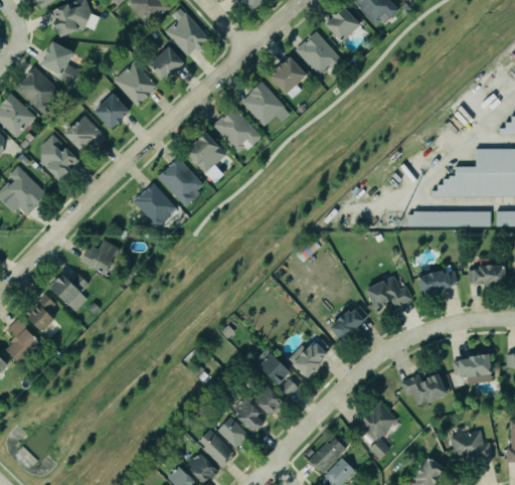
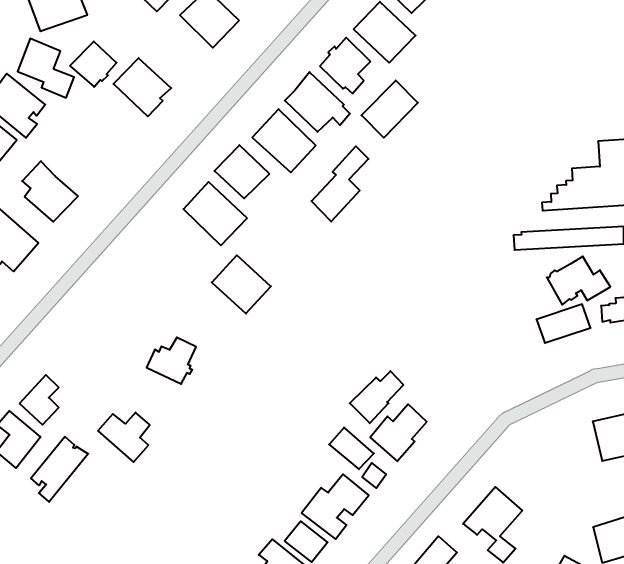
building: [148,46,184,79] -> none
building: none -> [361,80,418,138]
building: [94,94,129,128] -> [70,41,117,87]
building: [65,116,107,151] -> none
building: none -> [311,146,369,222]
building: [134,183,178,227] -> [212,255,271,314]
building: [79,239,118,275] -> [147,337,196,384]
building: [49,274,89,311] -> [98,412,150,462]
building: [365,275,412,310] -> [547,256,610,305]
building: [327,305,368,343] -> [350,371,403,423]
building: none -> [31,437,88,502]
building: [400,373,447,406] -> none

